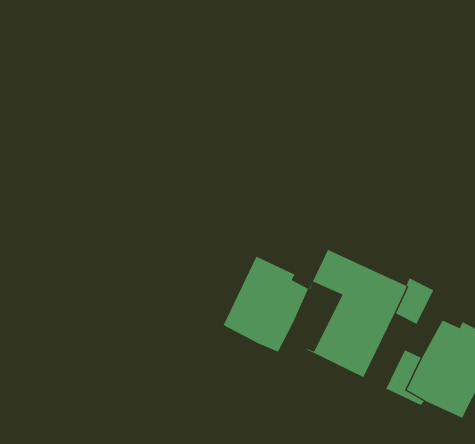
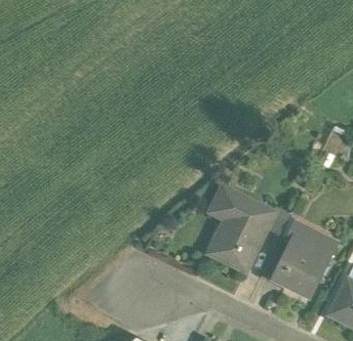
building: [223,256,309,352] -> none

